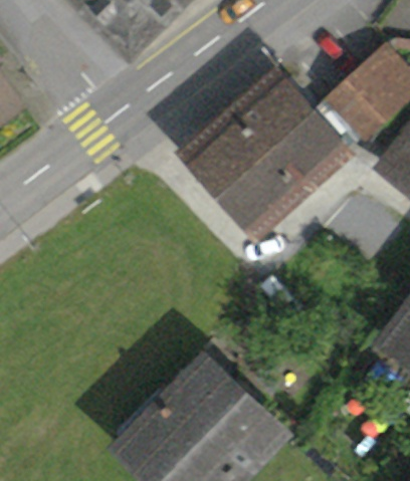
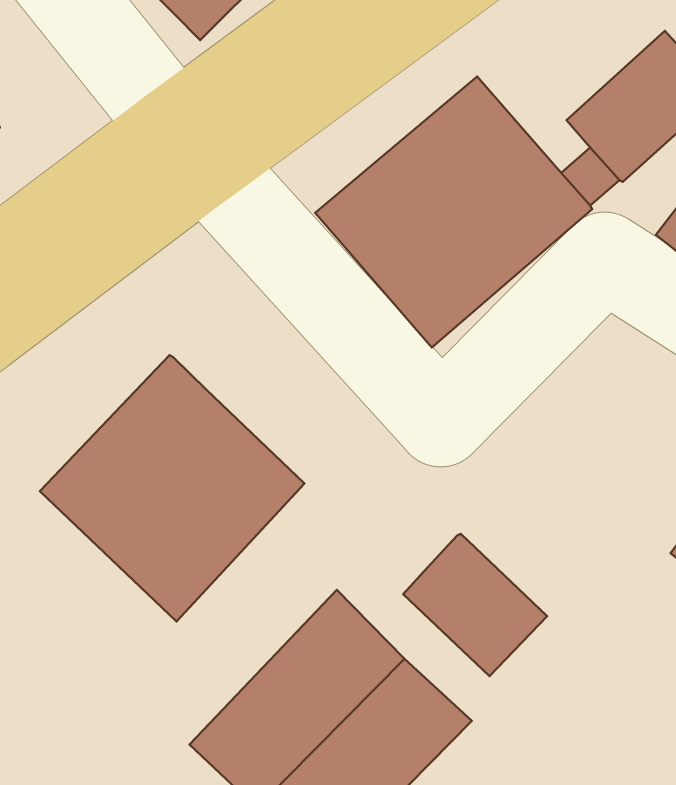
building: none -> [40,355,305,622]
building: none -> [403,534,547,676]

